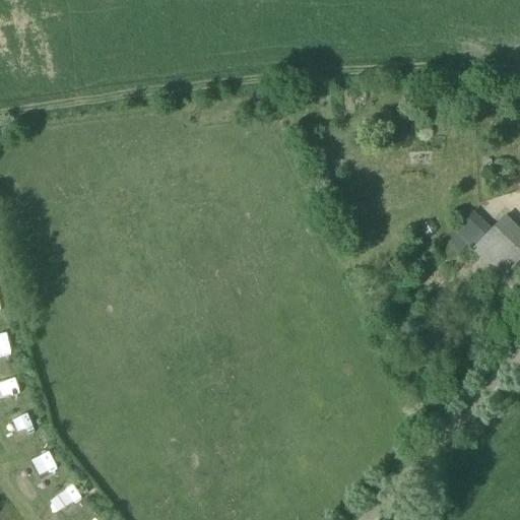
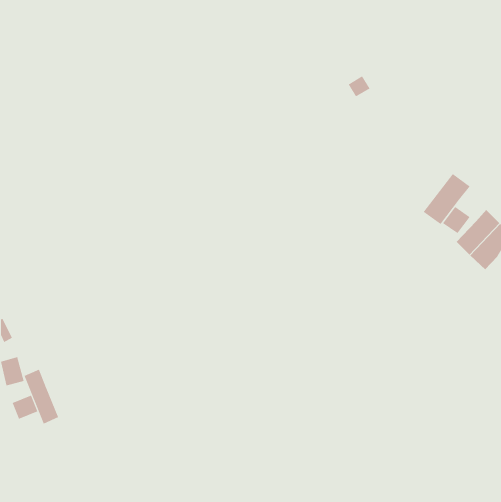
building: none -> [423,173,470,225]
building: none -> [24,369,59,425]

